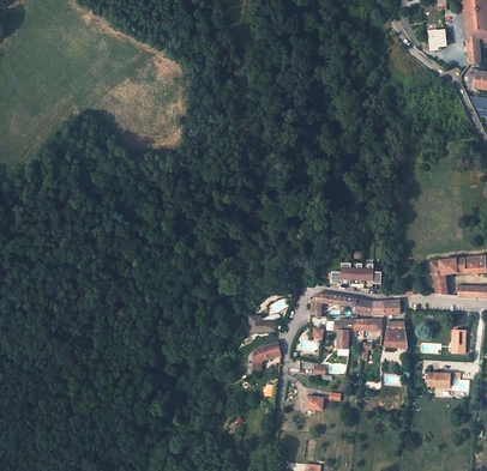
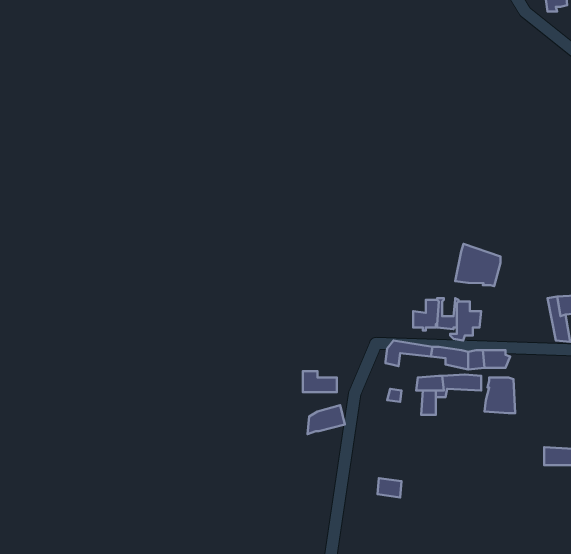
building: none -> [455,244,501,286]

